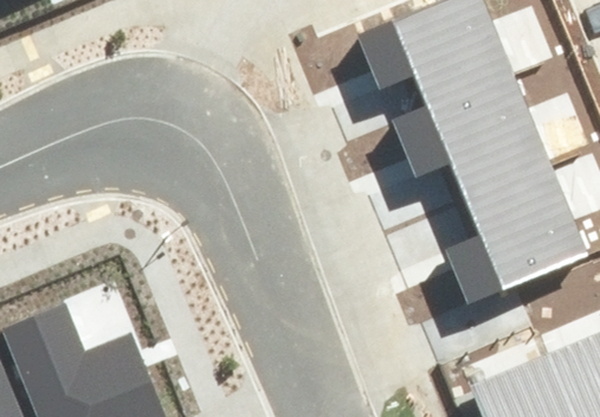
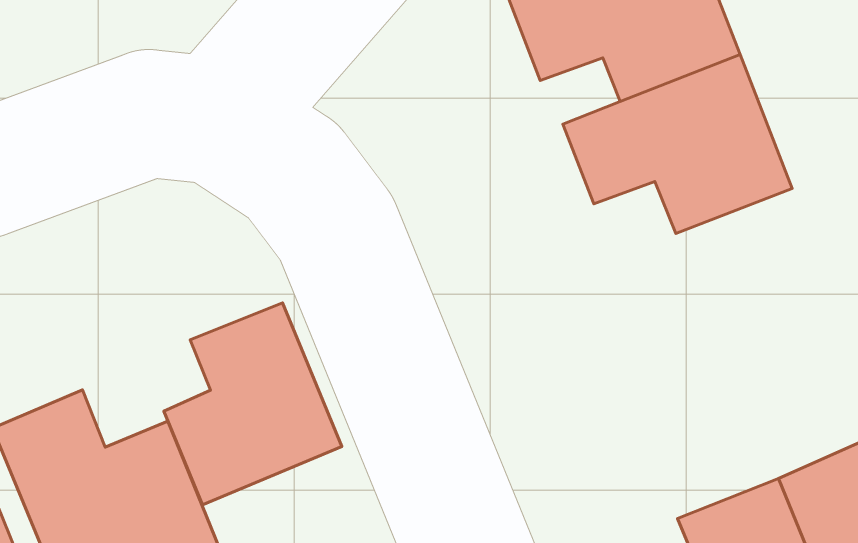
building: [444,165,586,304] -> none
building: none -> [164,303,342,505]

